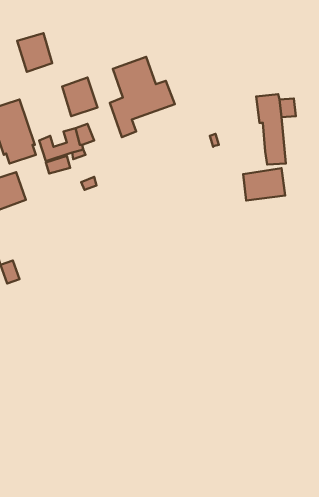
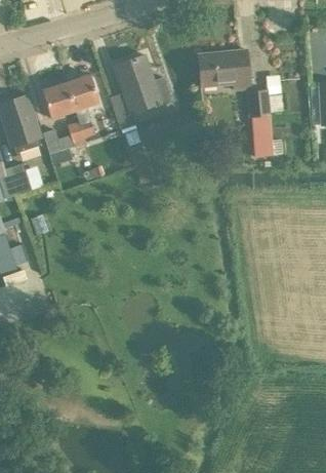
building: [17,33,52,72] -> [41,82,74,118]
building: none -> [197,48,250,89]
building: [243,168,285,200] -> none

